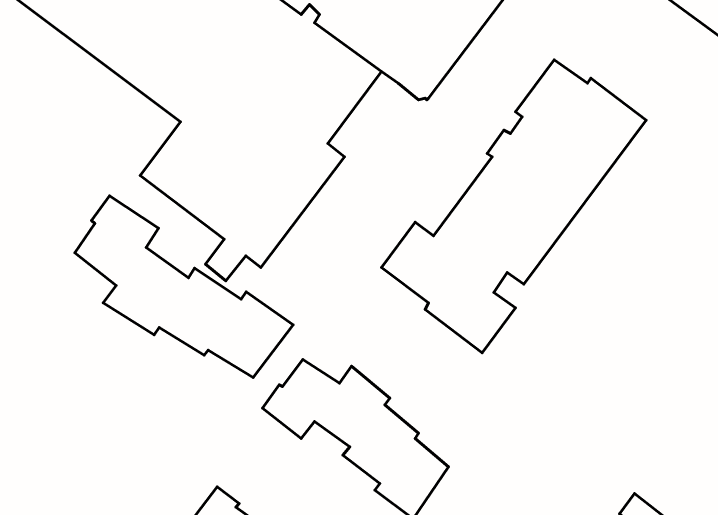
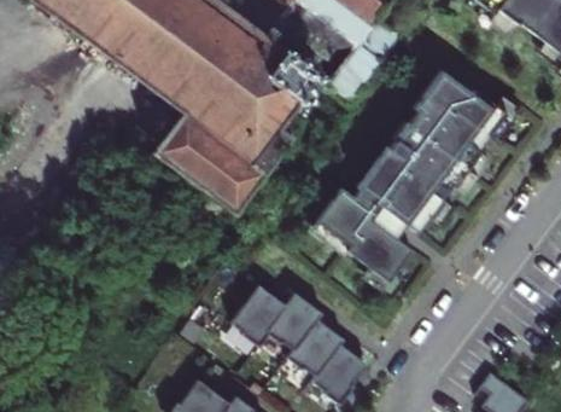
building: [75,196,293,378] -> none

